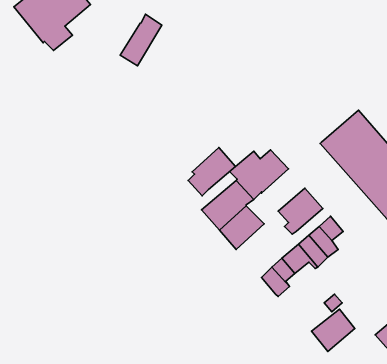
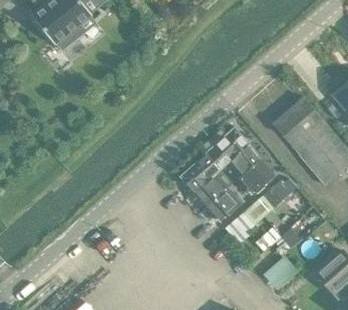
building: [120,14,162,66] -> none
building: [188,147,235,196] -> [224,143,261,182]
building: none -> [207,187,244,222]

